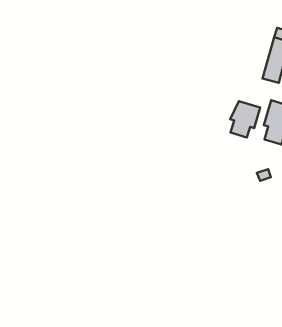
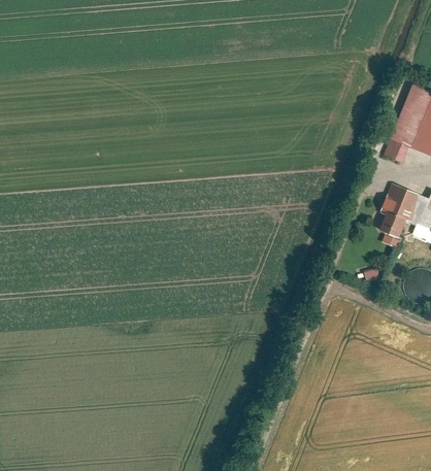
building: [230,101,260,138] -> none

